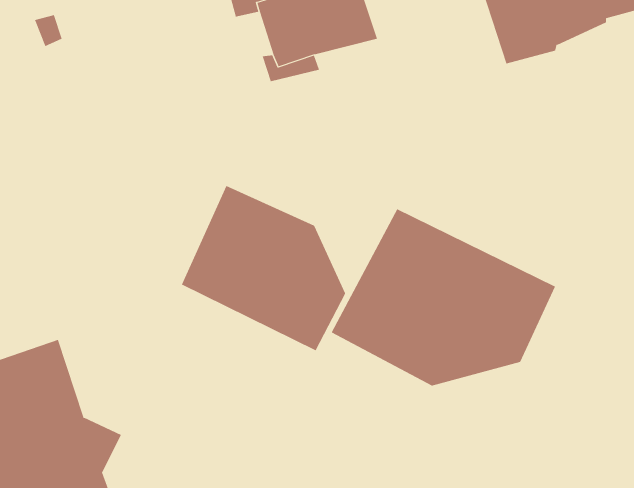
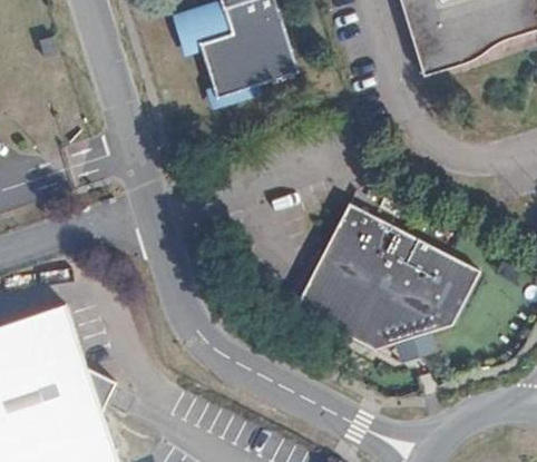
building: [181,185,346,351] -> none

